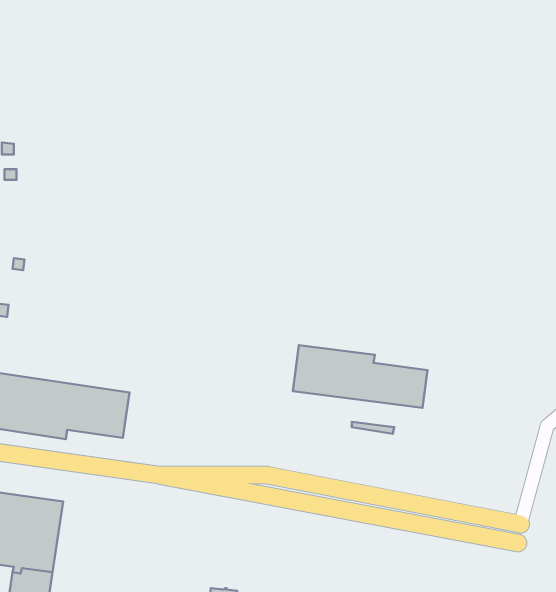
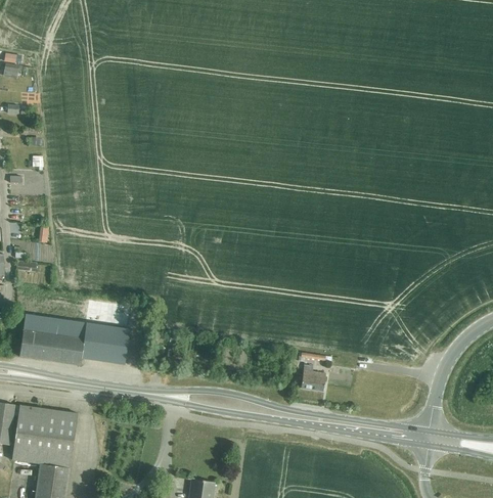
building: [293,345,427,408] -> none
building: none -> [300,364,324,391]

